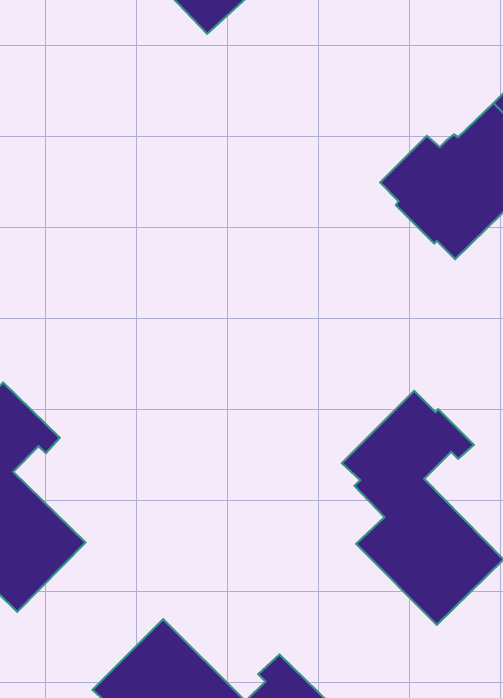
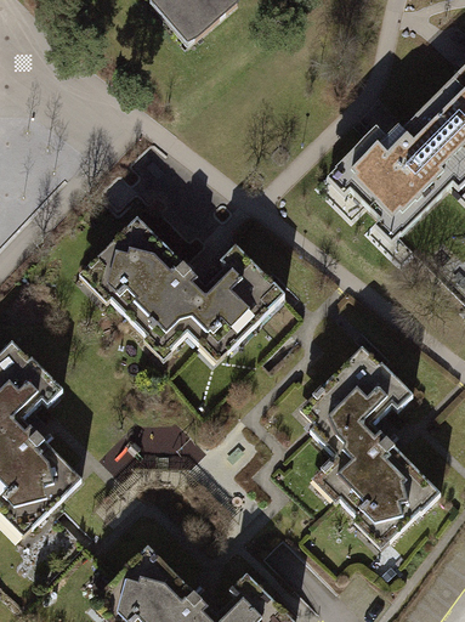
building: none -> [81,217,289,367]

